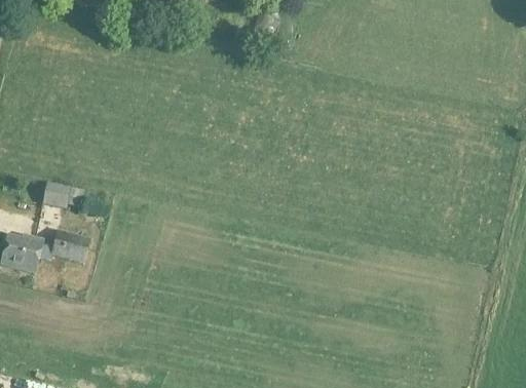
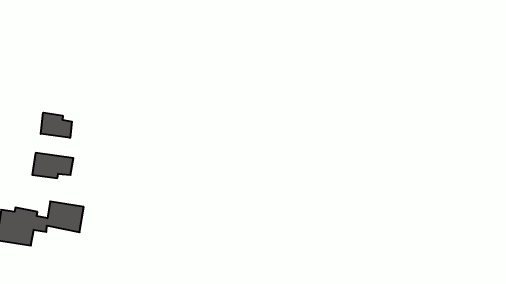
building: none -> [41,113,72,138]

